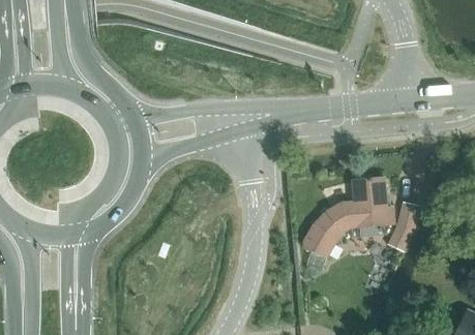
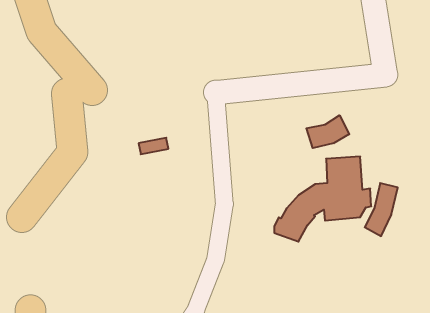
building: none -> [306,115,349,148]

